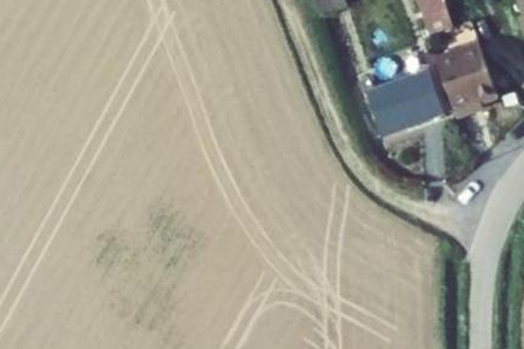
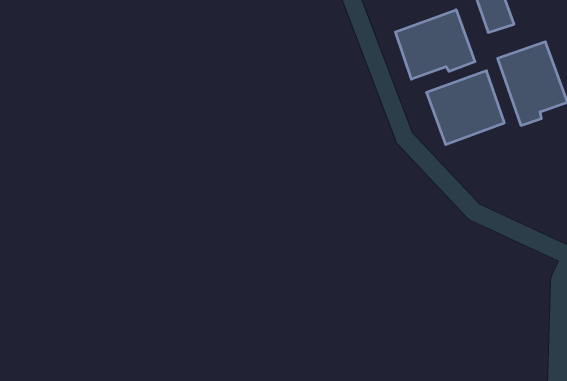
building: none -> [395,10,475,79]

